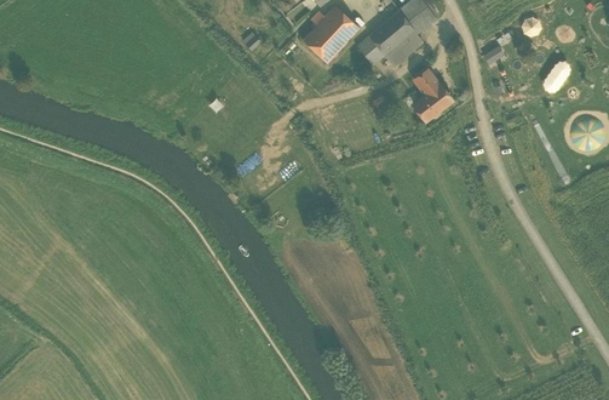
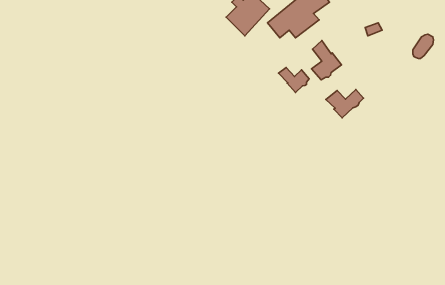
building: none -> [279,67,309,93]
building: none -> [326,89,363,118]

